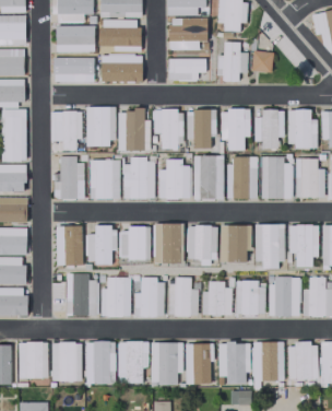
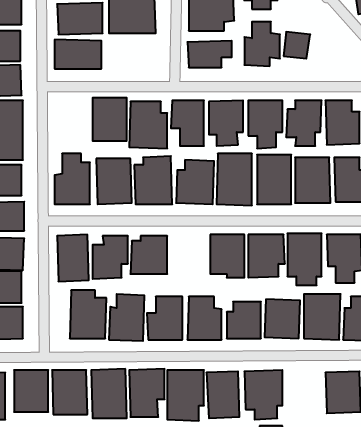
building: [100,55,142,82] -> none
building: [50,111,82,150] -> none
building: [154,223,185,263] -> none
building: [252,341,284,381] -> none

